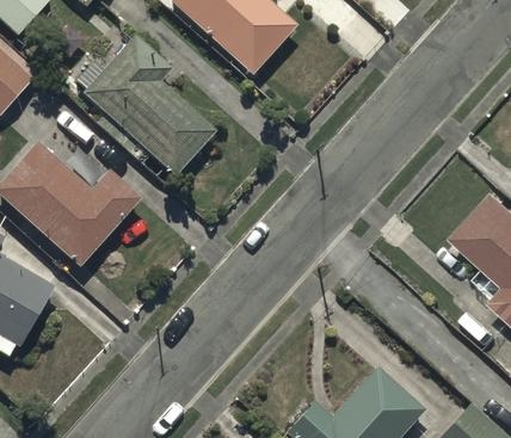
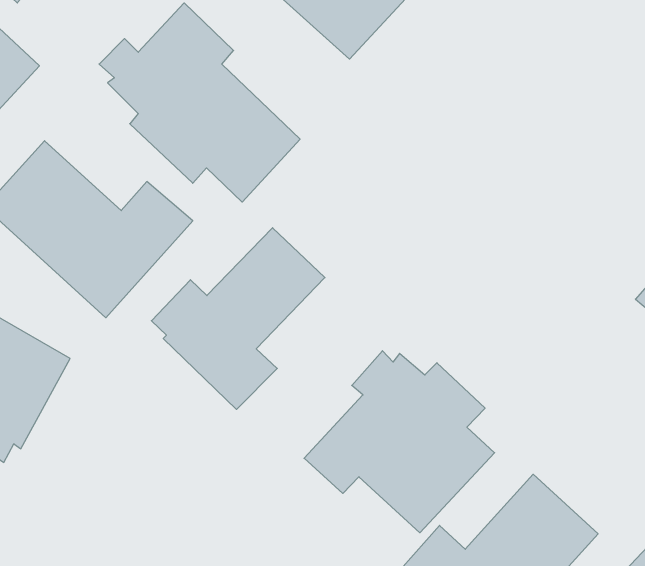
building: none -> [151,228,325,409]
building: none -> [304,351,495,533]

